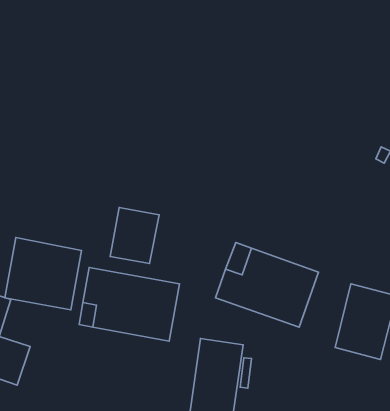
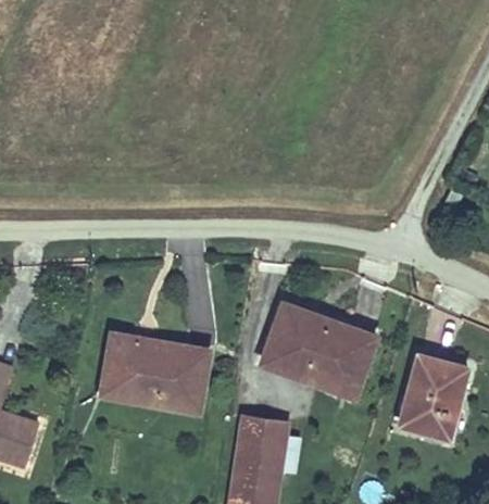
building: [110,207,159,264] -> none
building: [5,237,81,310] -> none

